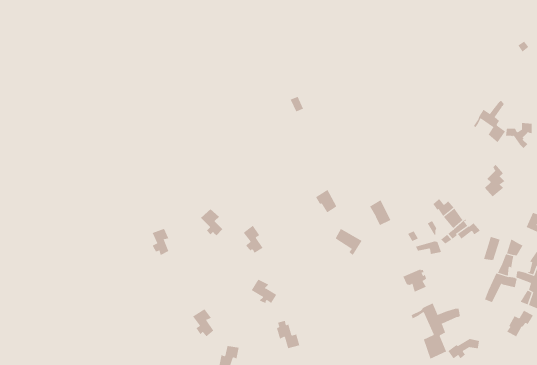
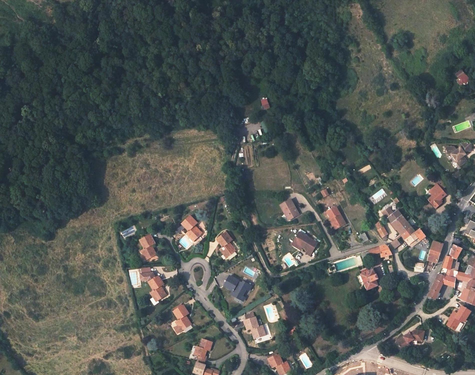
building: [473,100,506,143] -> none
building: none -> [138,273,166,302]
building: [411,303,461,359] -> none

